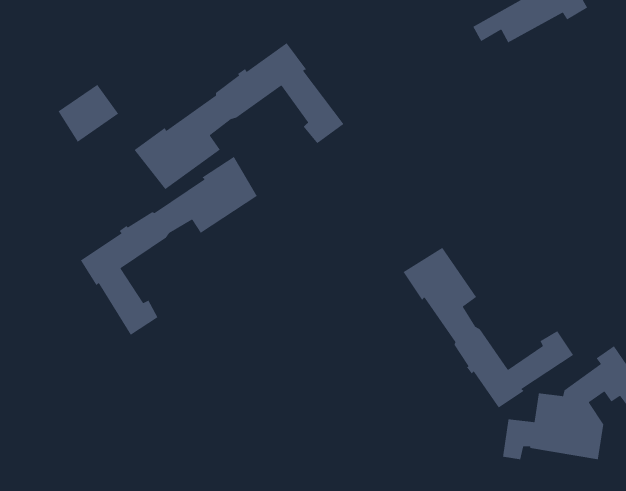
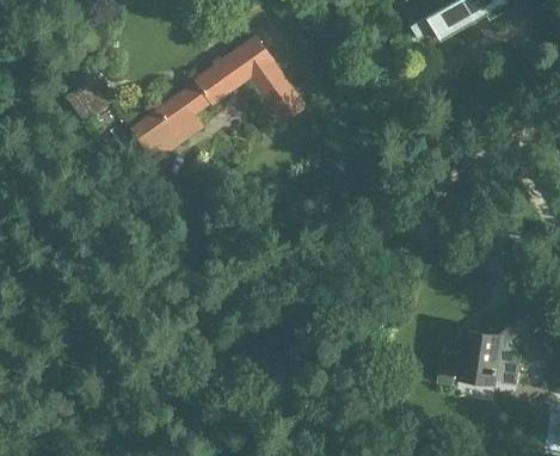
building: [80,156,258,336] -> none
building: [403,247,574,409] -> none

